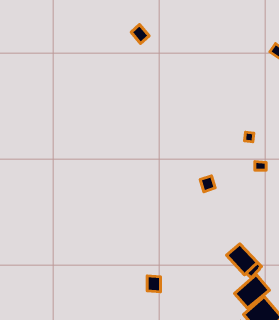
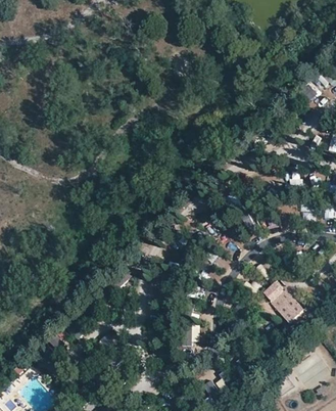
building: [234,274,269,308] -> none

